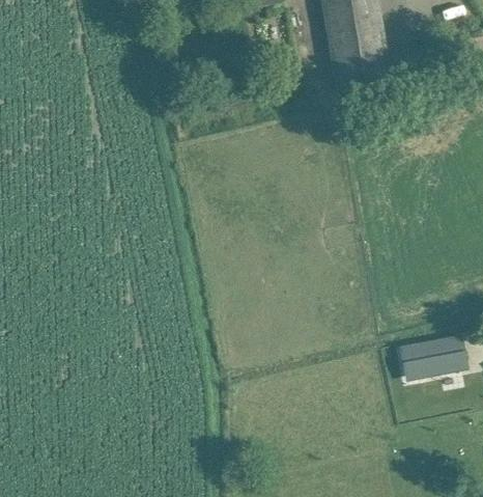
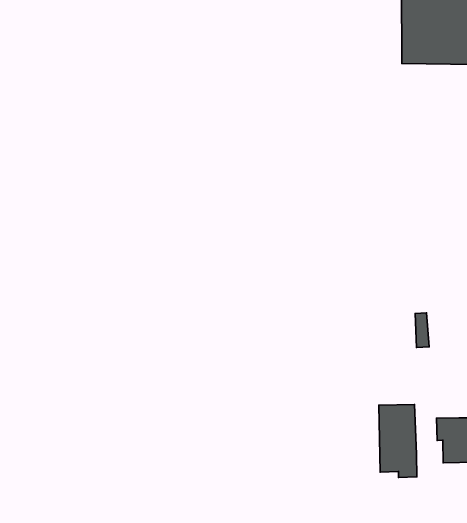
building: none -> [379,405,417,477]

